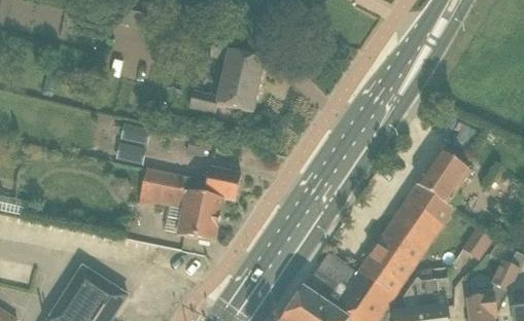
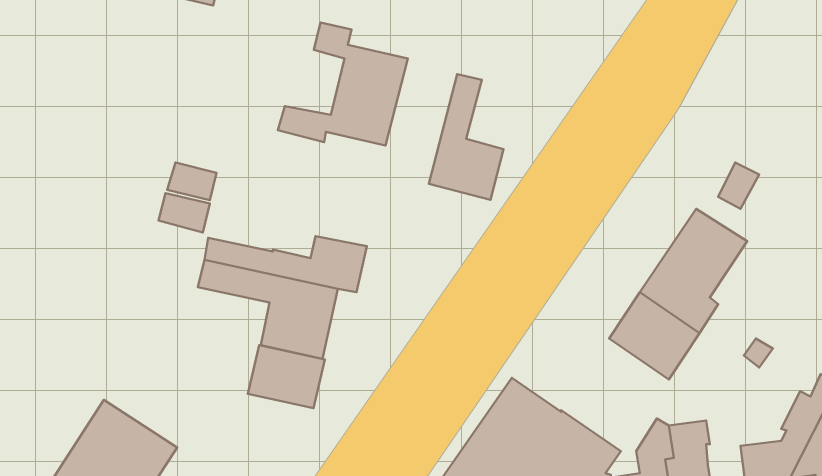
building: none -> [429,74,503,200]
building: [358,228,423,296] -> none
building: none -> [248,345,325,408]

